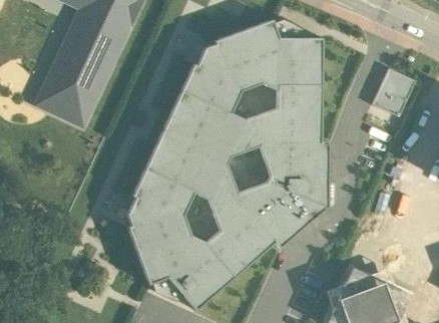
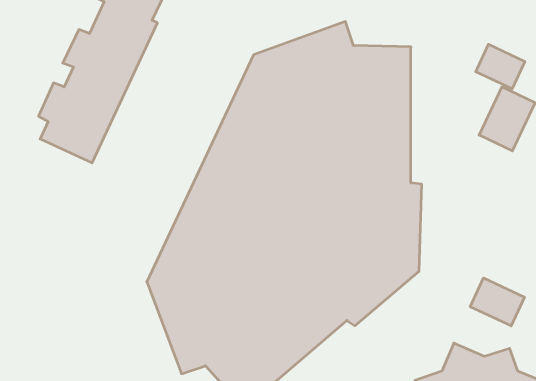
building: none -> [476,44,525,89]
building: none -> [470,278,524,326]

